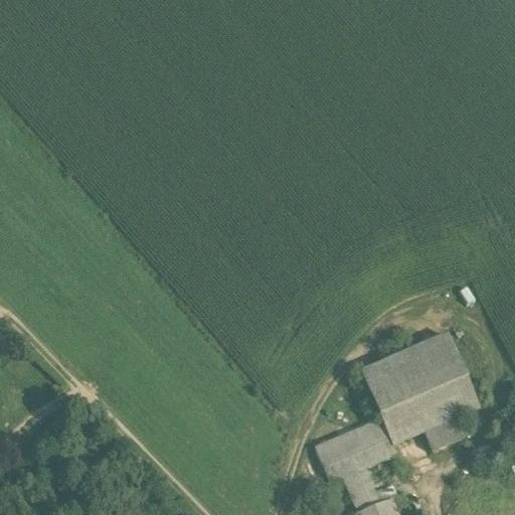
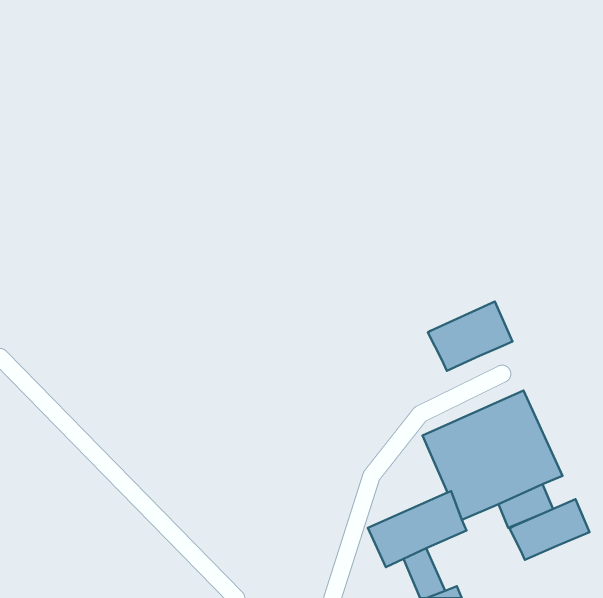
building: none -> [428,302,513,371]
building: none -> [509,499,590,560]

